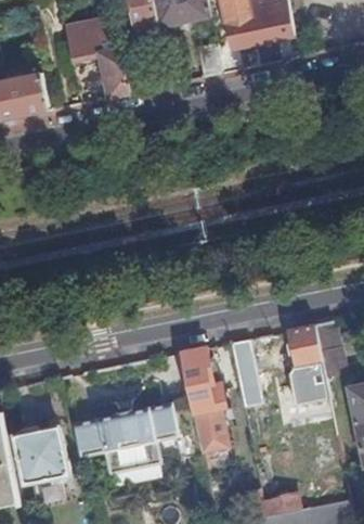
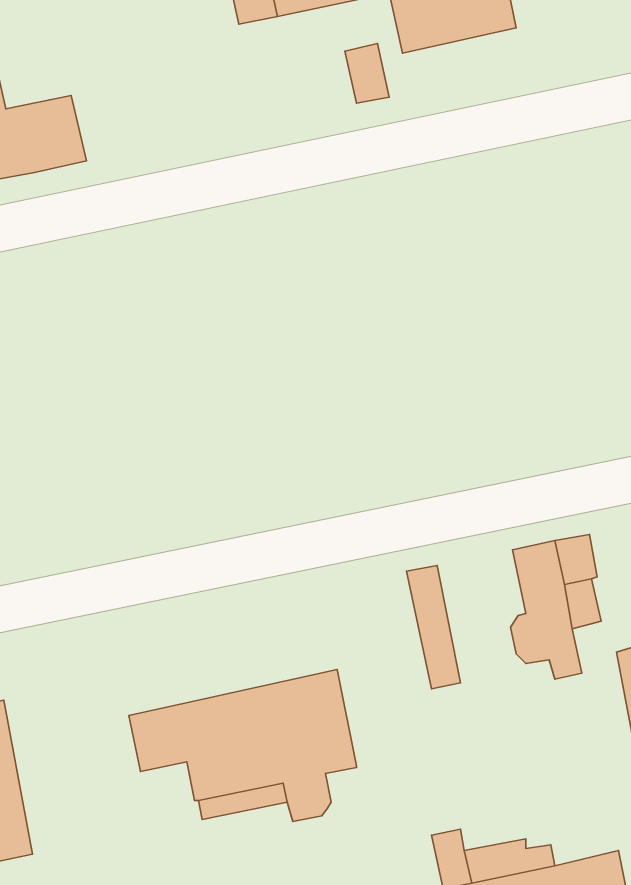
building: [64,25,127,99] -> none
building: [181,346,227,451] -> none
building: [15,426,69,483] -> none

